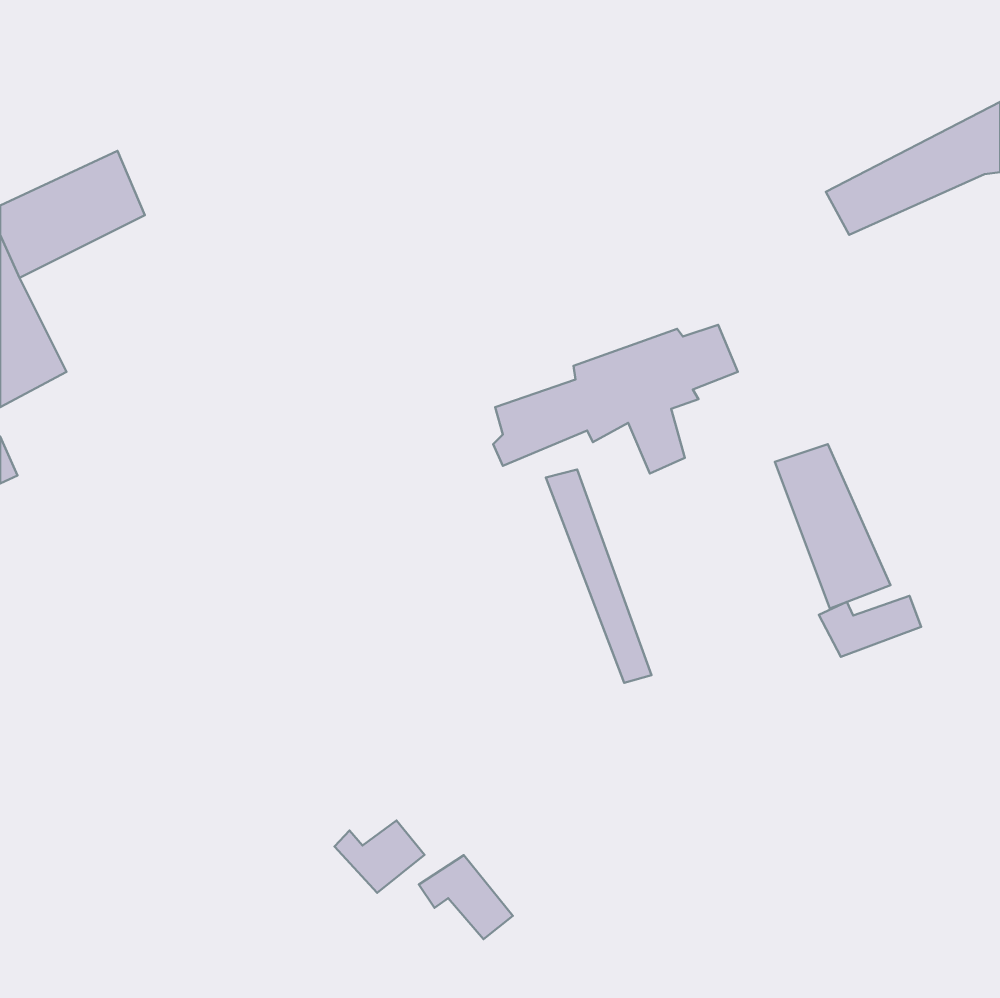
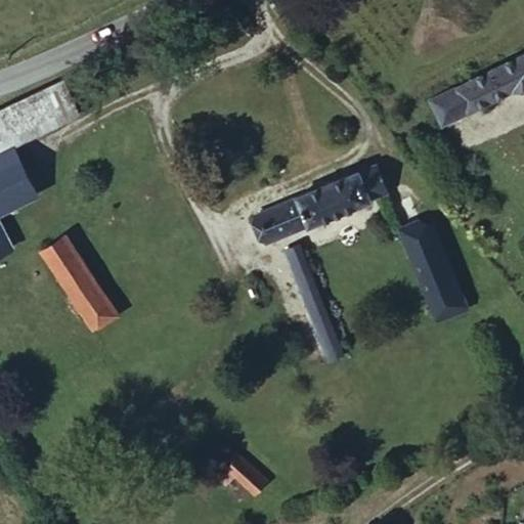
building: none -> [43,238,117,332]
building: [819,596,921,657] -> none
building: [334,820,424,893] -> none

